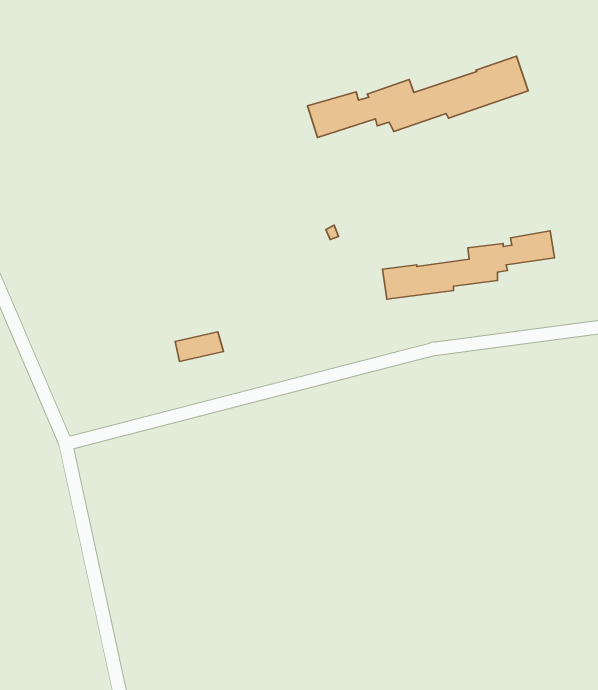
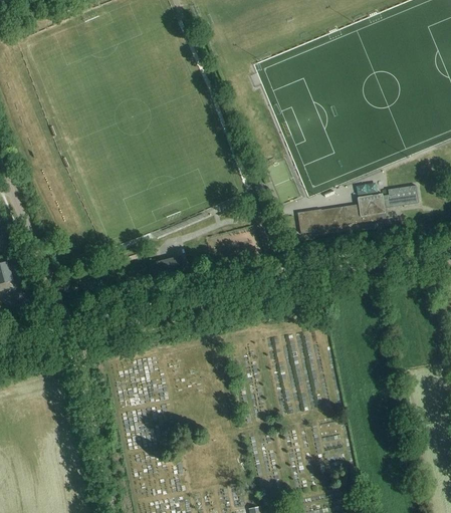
building: [308,56,528,138] -> none

